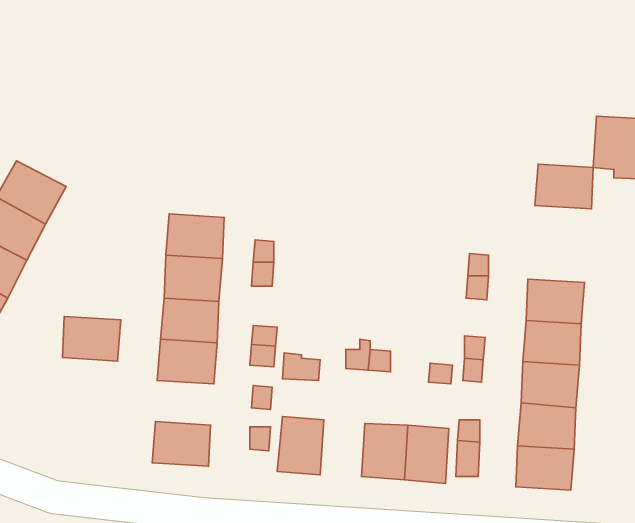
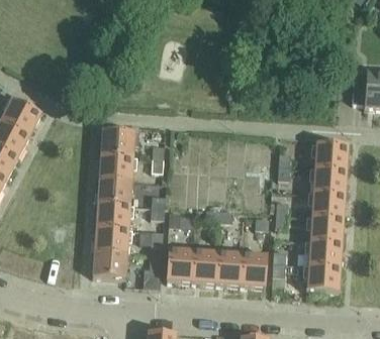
building: [535,164,593,209] -> [313,143,348,170]
building: [62,316,121,361] -> [94,227,128,253]
building: none -> [191,250,217,284]

